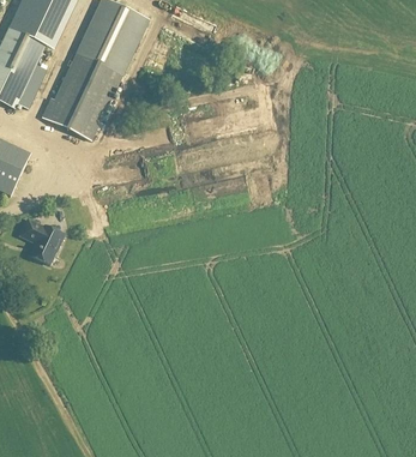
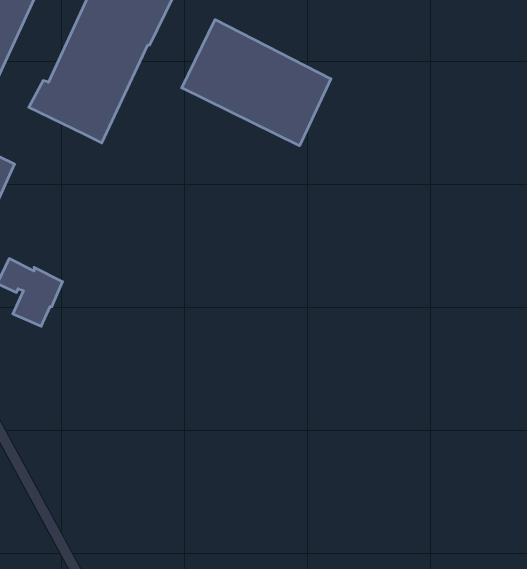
building: none -> [182,20,331,146]

